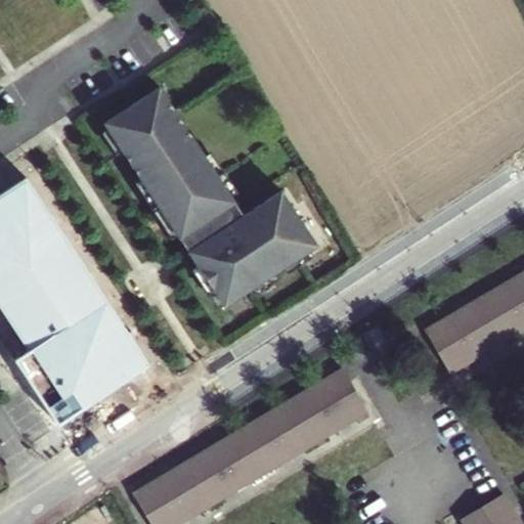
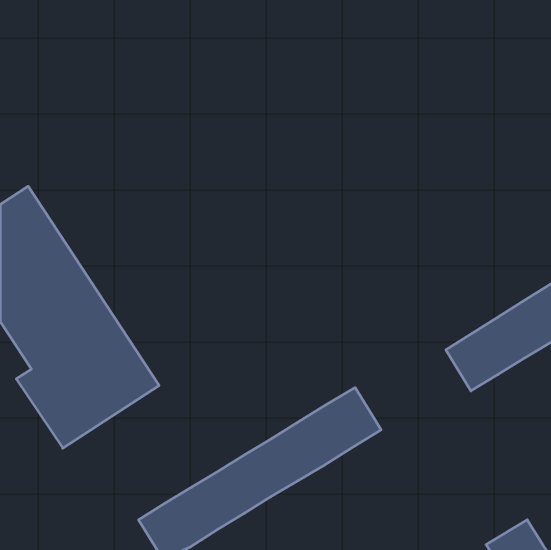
building: [103,88,316,307] -> none

